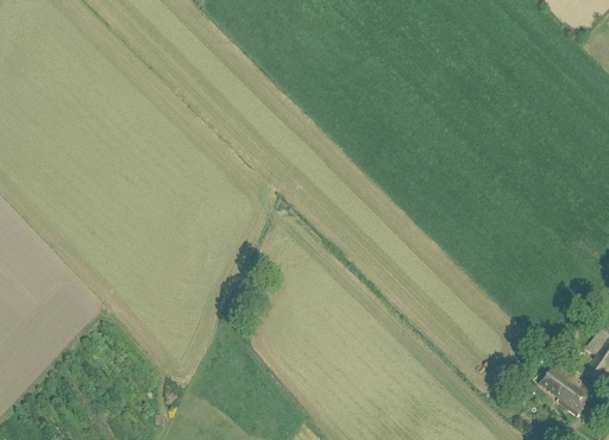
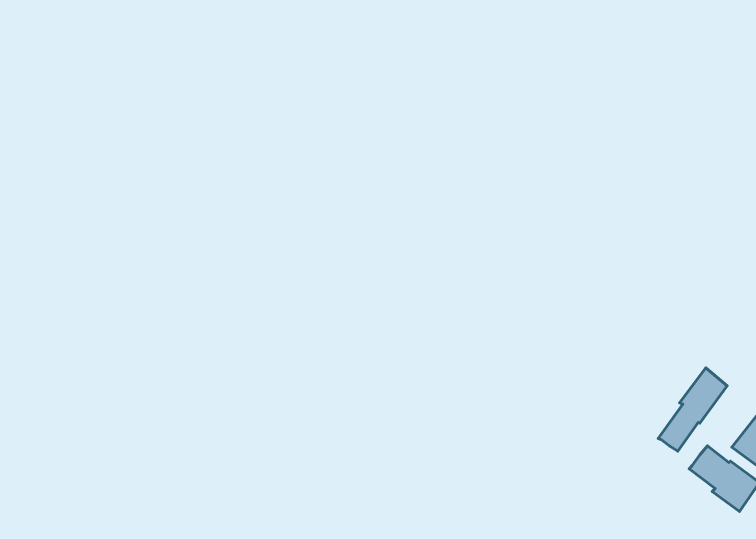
building: none -> [658,368,727,451]

